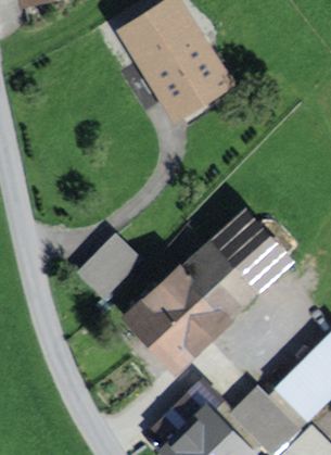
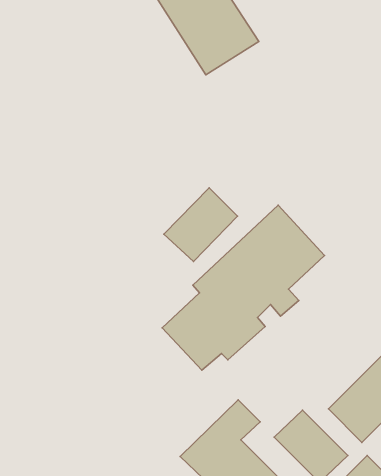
building: [78,236,140,298] -> [164,188,237,261]

